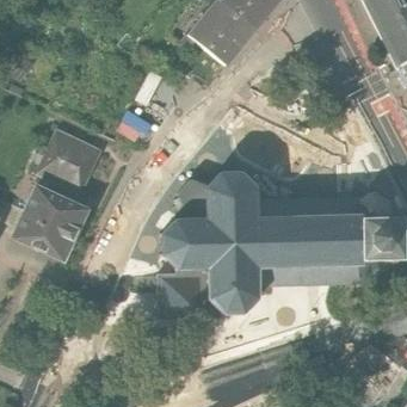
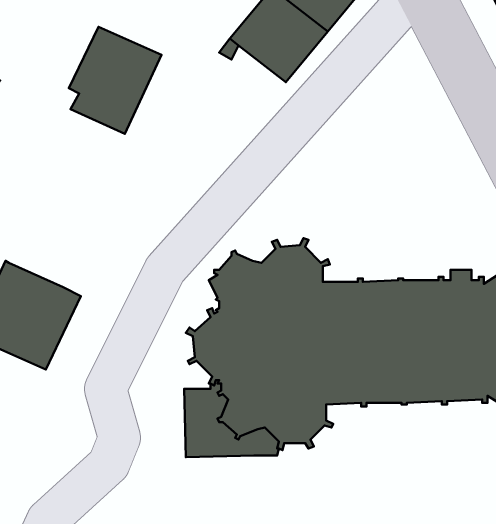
building: [38,130,101,203] -> [69,27,162,134]

